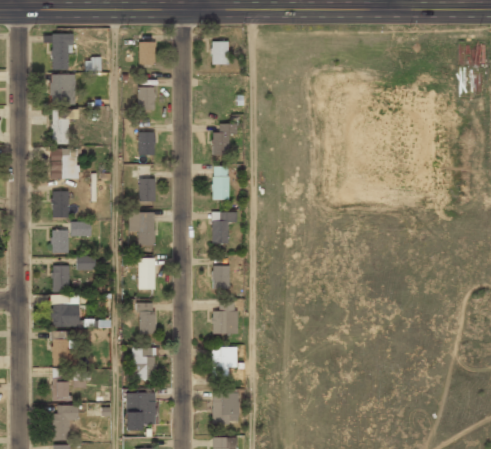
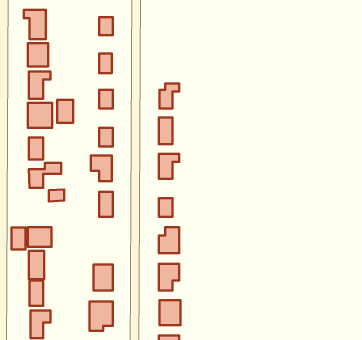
building: [212,42,229,64] -> none
building: none -> [57,100,73,123]
building: [52,265,69,292] -> [12,228,25,249]
building: [138,304,154,334] -> none

